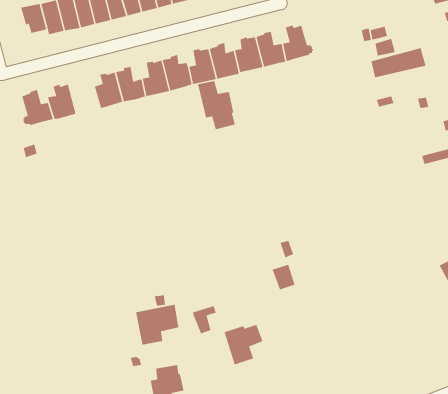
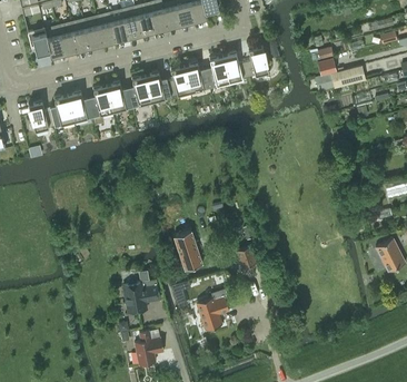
building: none -> [67,91,93,121]
building: [197,80,236,130] -> none
building: none -> [173,231,201,270]

